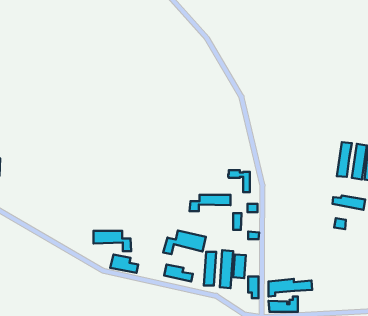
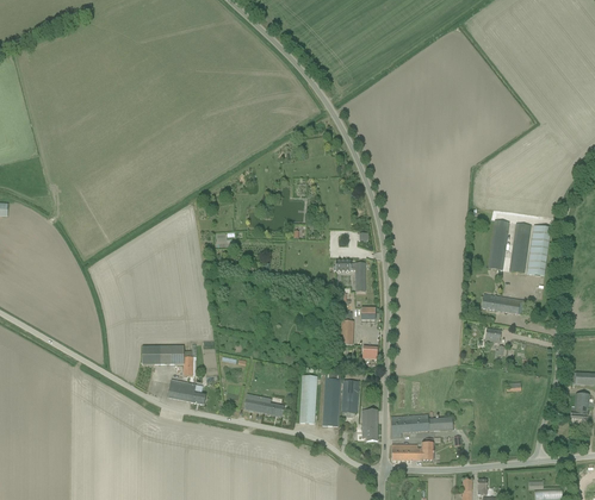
building: [190,195,230,211] -> none
building: [163,230,206,254] -> none

